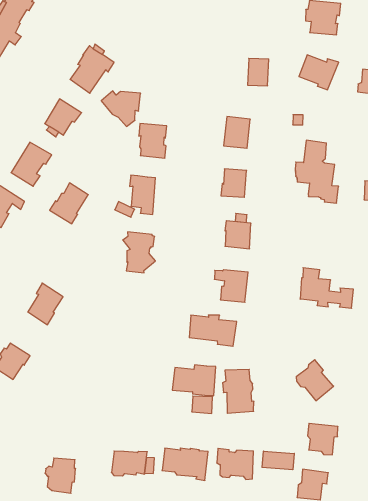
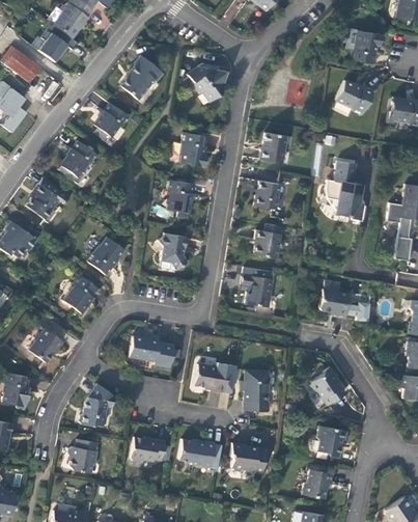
building: [101,91,141,126] -> [189,66,226,101]
building: [50,183,88,224] -> [87,237,124,275]
building: [189,315,237,346] -> [130,335,175,367]
building: none -> [80,383,115,425]
building: [262,451,294,470] -> none

